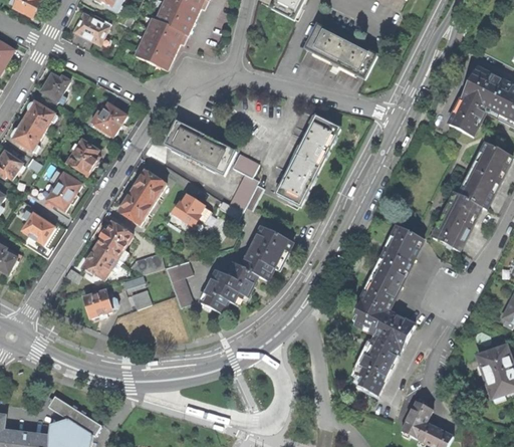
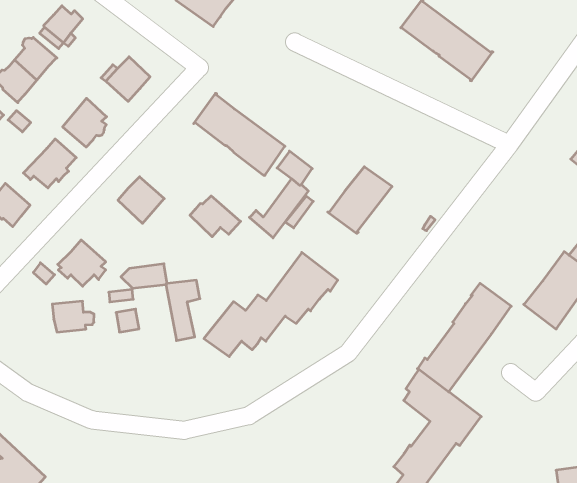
building: [296,115,339,166] -> none
building: [132,170,166,204] -> none
building: [96,222,133,261] -> none

